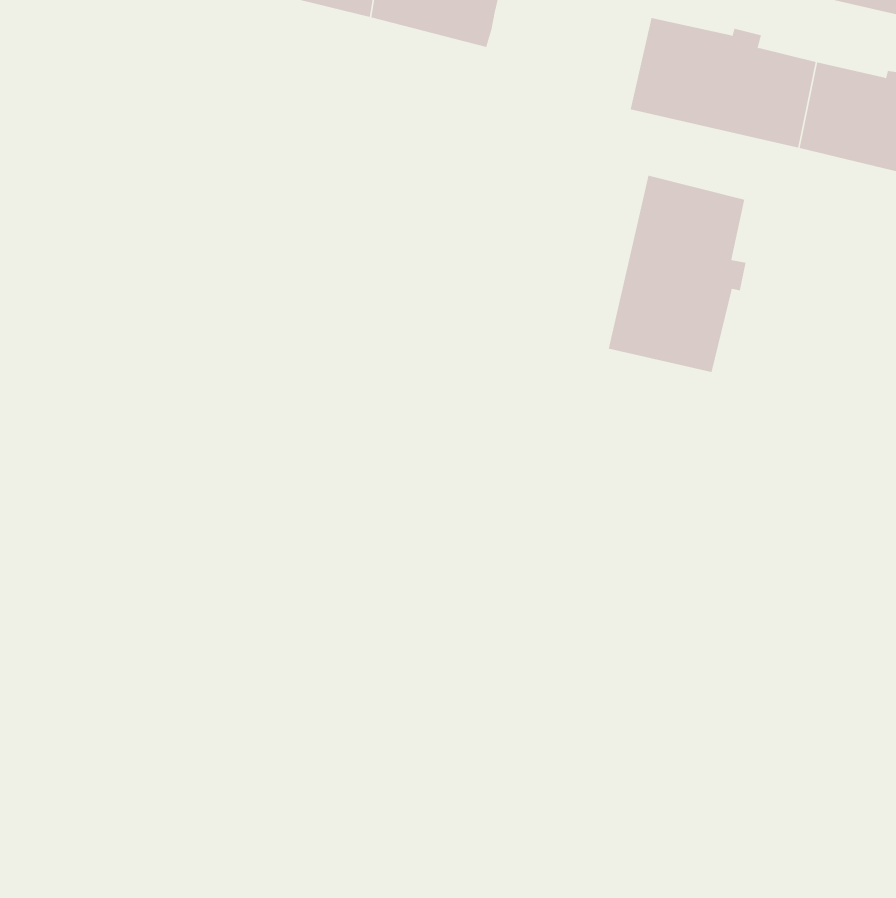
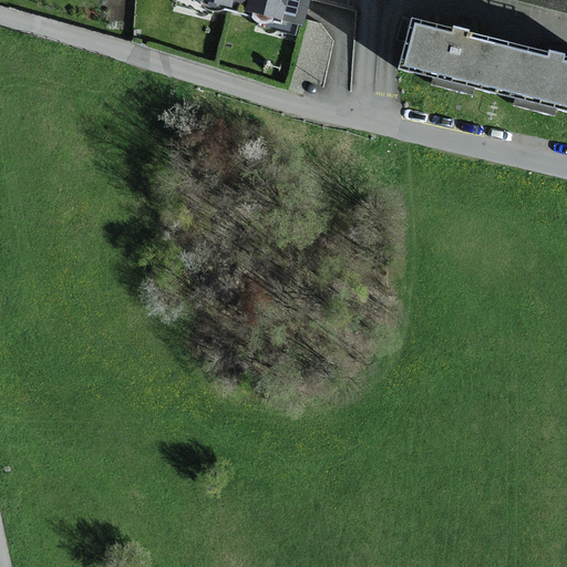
building: [608,175,746,373] -> none

